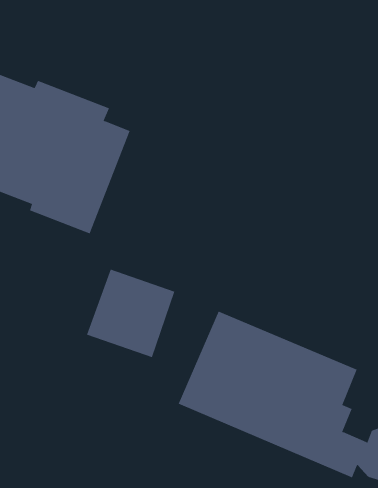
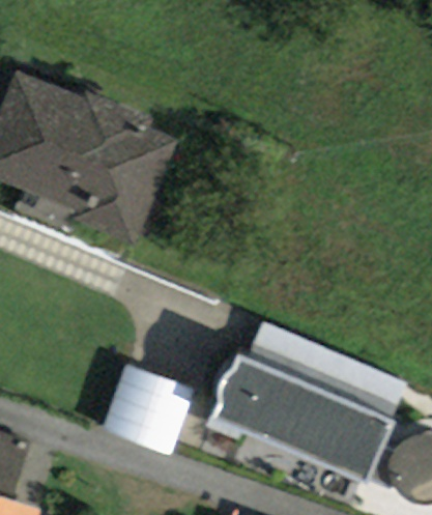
building: [86,269,175,358] -> [103,363,192,452]

